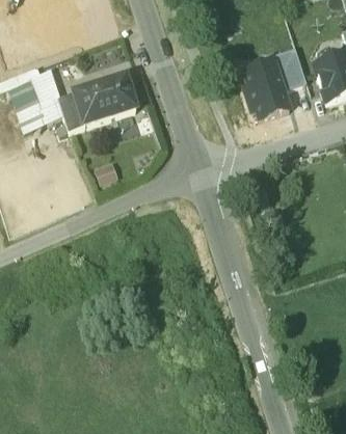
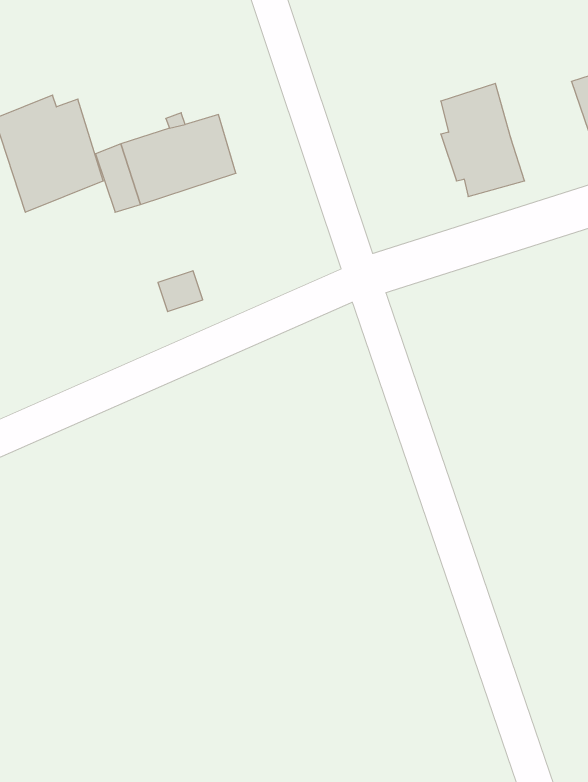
building: [270,47,307,90] -> none

